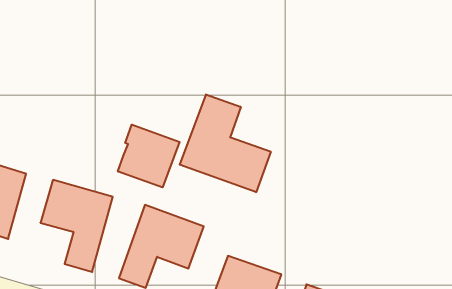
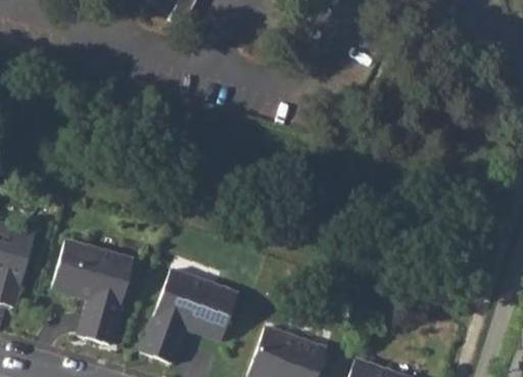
building: [180,94,271,192] -> none
building: [118,125,180,187] -> none

